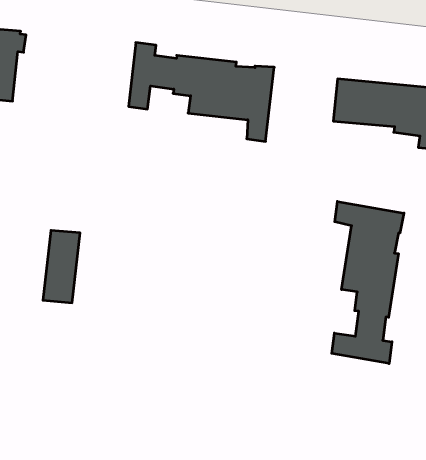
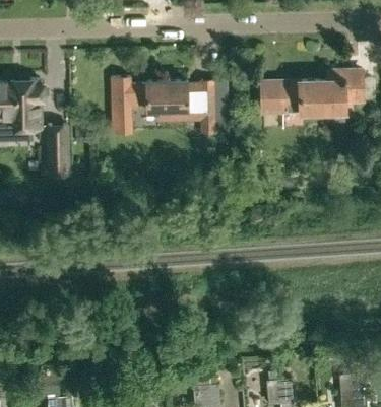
building: [332,201,404,364] -> none
building: [43,230,80,303] -> [49,124,70,174]

